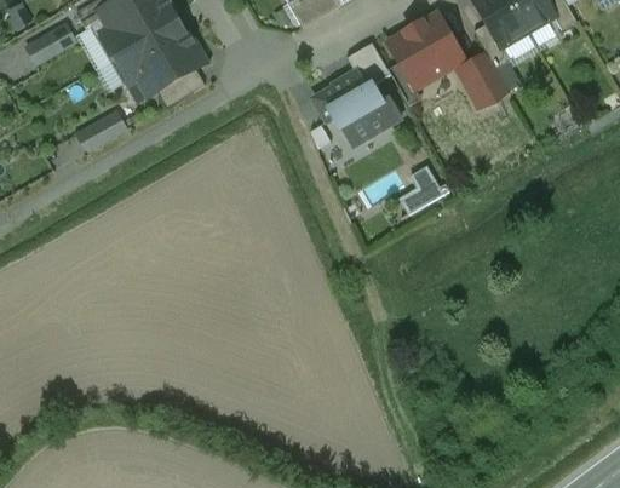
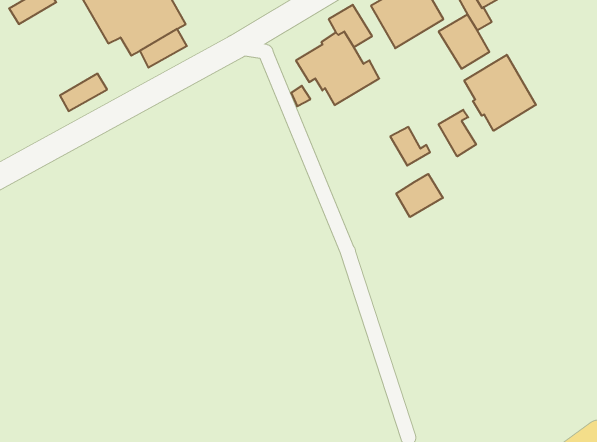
building: none -> [464,55,536,131]
building: none -> [439,110,476,156]
building: none -> [396,174,443,217]

